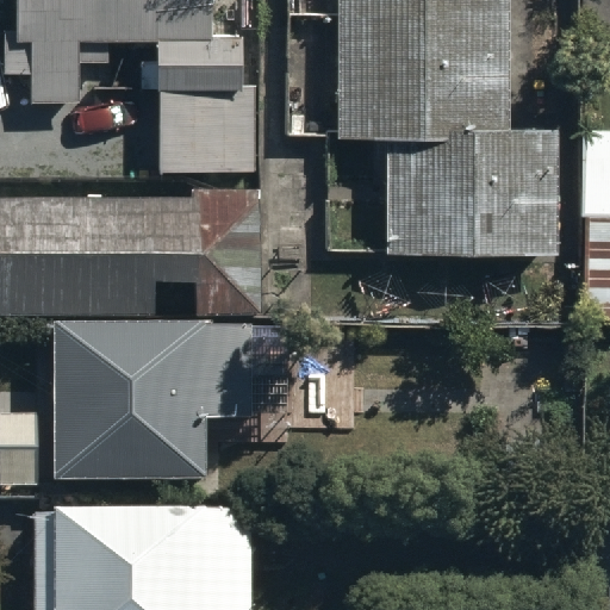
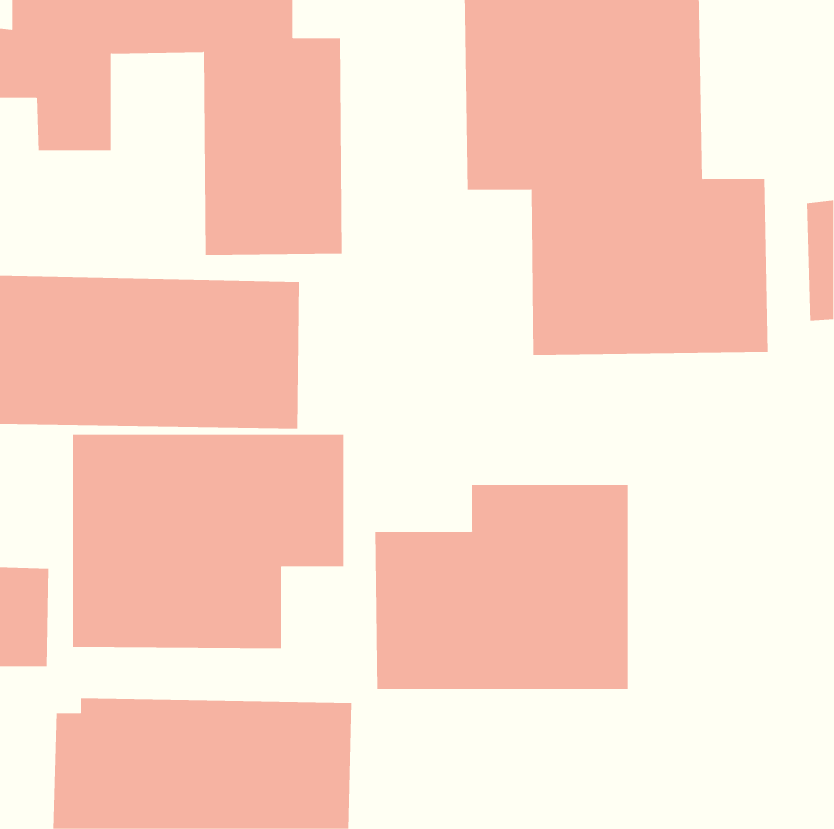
building: none -> [375,484,628,690]

